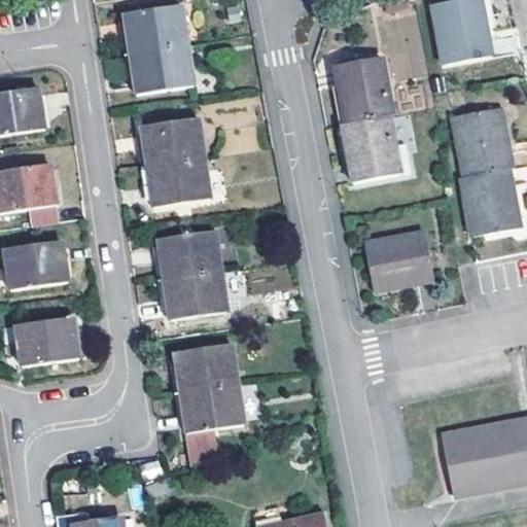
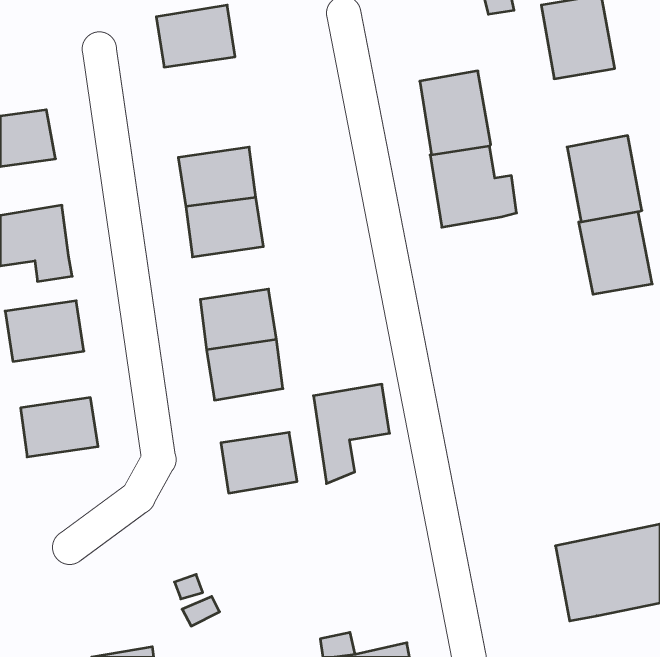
building: [131,45,192,94] -> none
building: [364,231,433,290] -> none
building: [182,384,243,463] -> [313,384,390,484]

